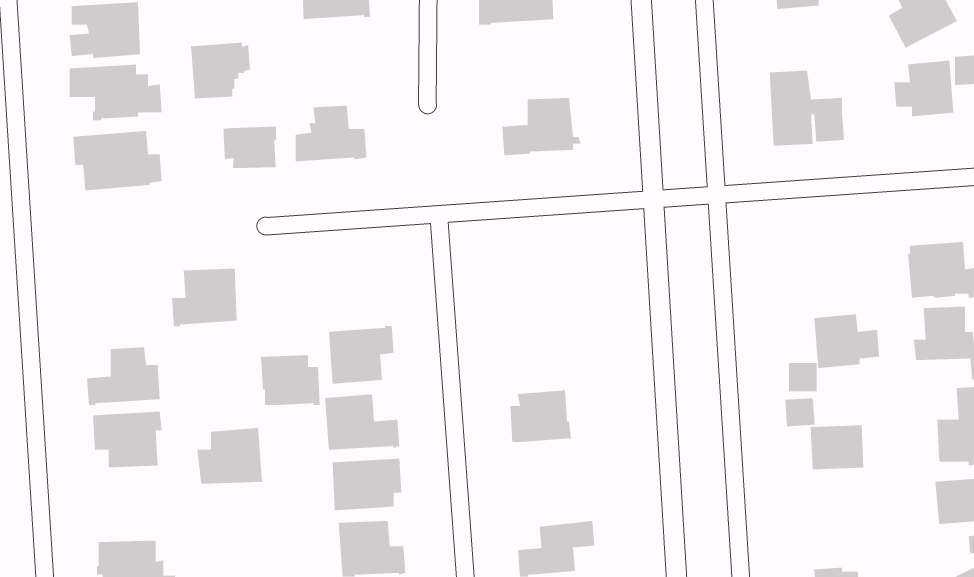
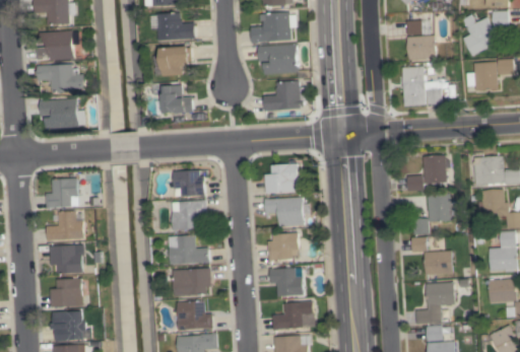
building: none -> [406,36,434,61]
building: none -> [257,45,308,78]
building: [190,42,251,99] -> [160,47,192,76]
building: [223,126,277,169] -> none
building: none -> [405,155,445,192]
building: none -> [263,164,297,194]
building: [171,268,237,327] -> [45,179,79,209]
building: none -> [263,198,303,228]
building: [260,355,321,405] -> [173,170,204,197]
building: [196,428,263,484] -> [49,278,83,307]
building: none -> [267,268,302,296]
building: none -> [414,282,453,325]

